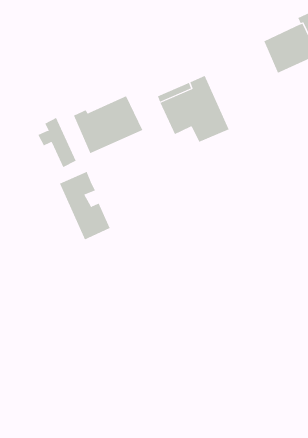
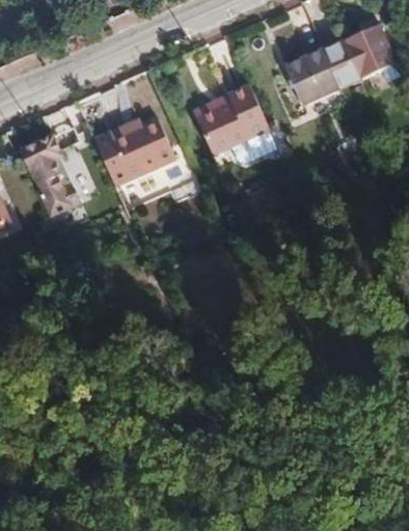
building: none -> [282,50,336,105]
building: [59,171,111,240] -> [20,133,81,215]

